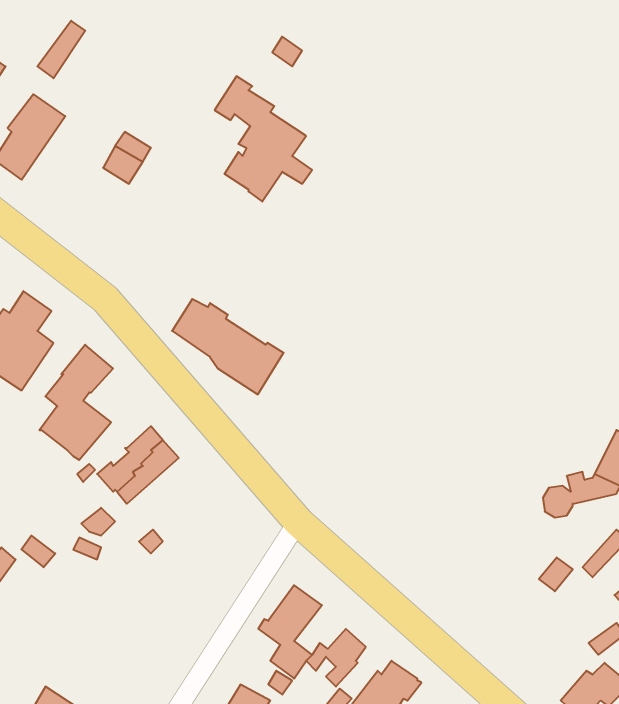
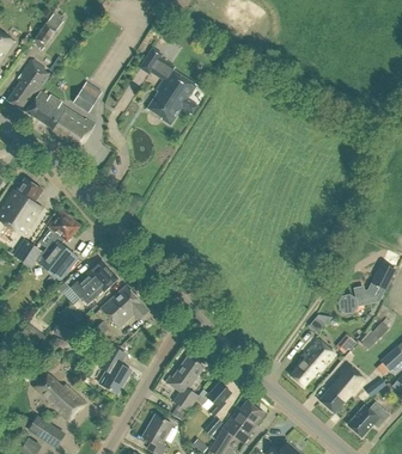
building: [172,299,284,394] -> [28,92,95,149]
building: none -> [99,286,147,329]
building: none -> [291,338,335,386]
building: none -> [97,345,132,393]
building: none -> [319,363,366,413]
building: none -> [32,372,86,421]

